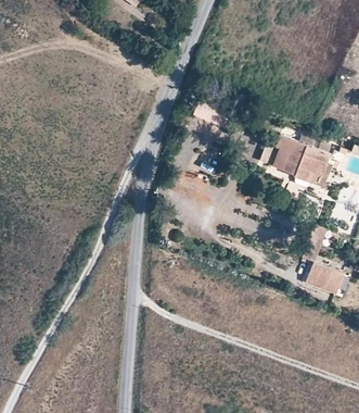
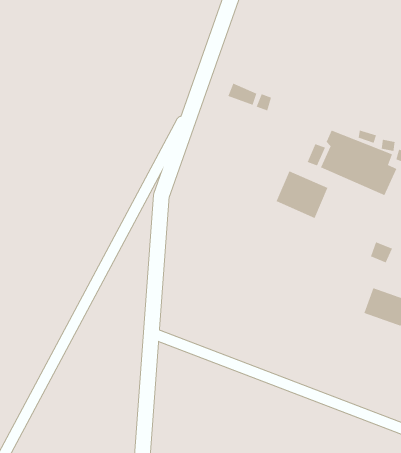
building: none -> [276,170,328,219]

